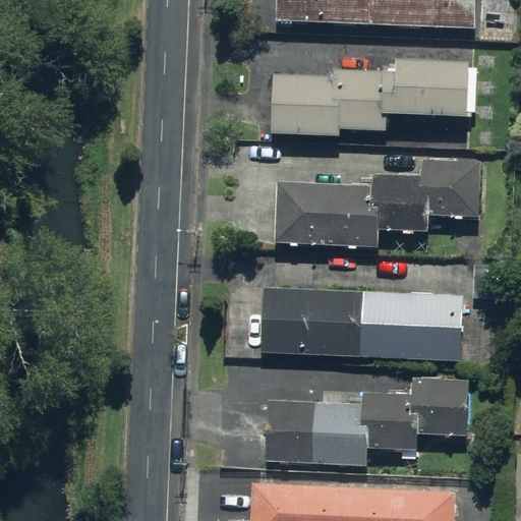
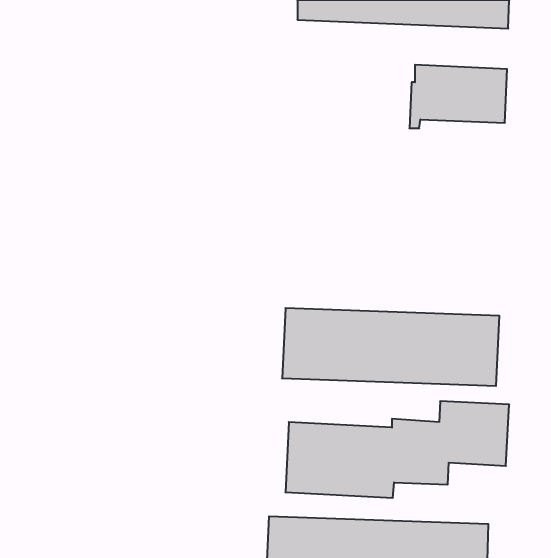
building: [273,73,389,136] -> none
building: [276,157,477,246] -> none

